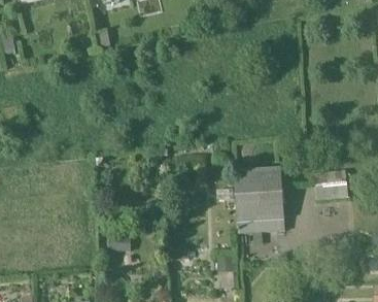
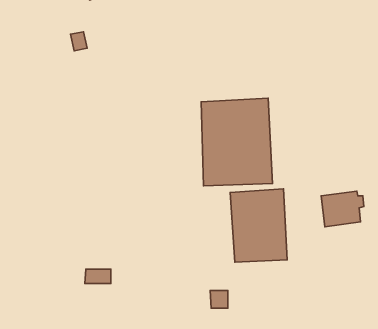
building: none -> [201,98,272,186]

